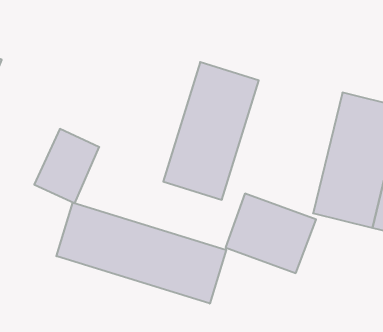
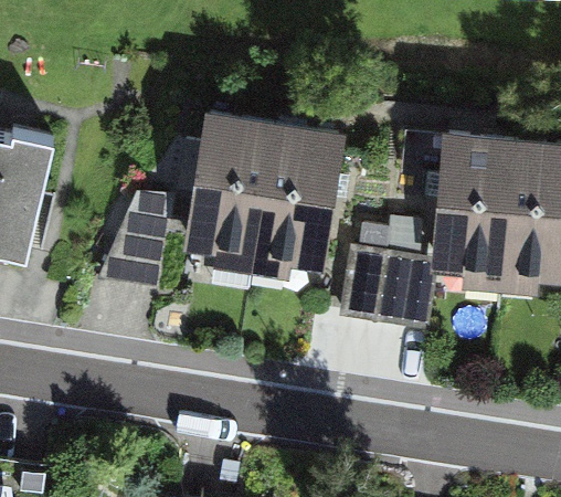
building: none -> [184,106,276,260]
building: [56,203,226,304] -> none

